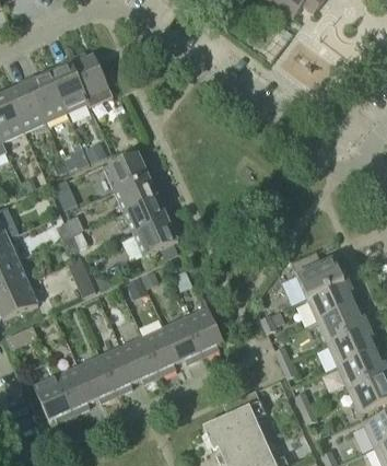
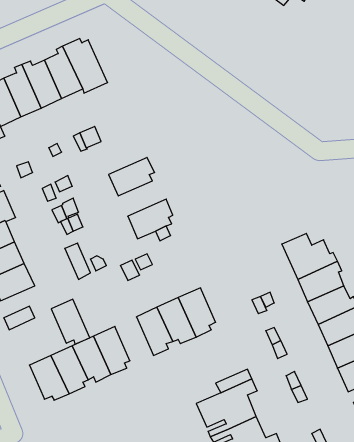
building: [104,152,153,190] -> none
building: [124,197,173,233] -> none
building: [120,336,160,382] -> [51,299,90,344]

